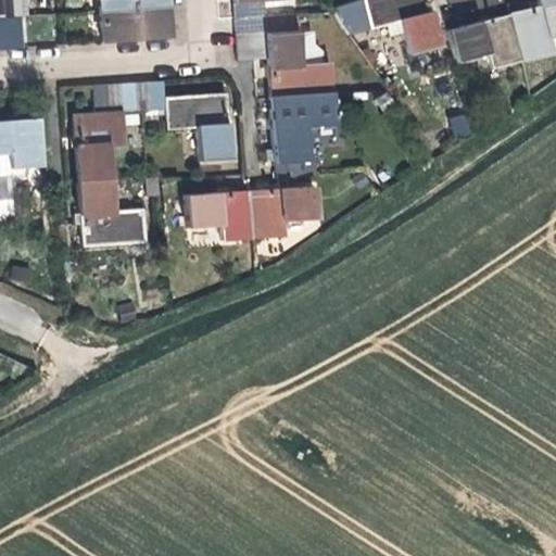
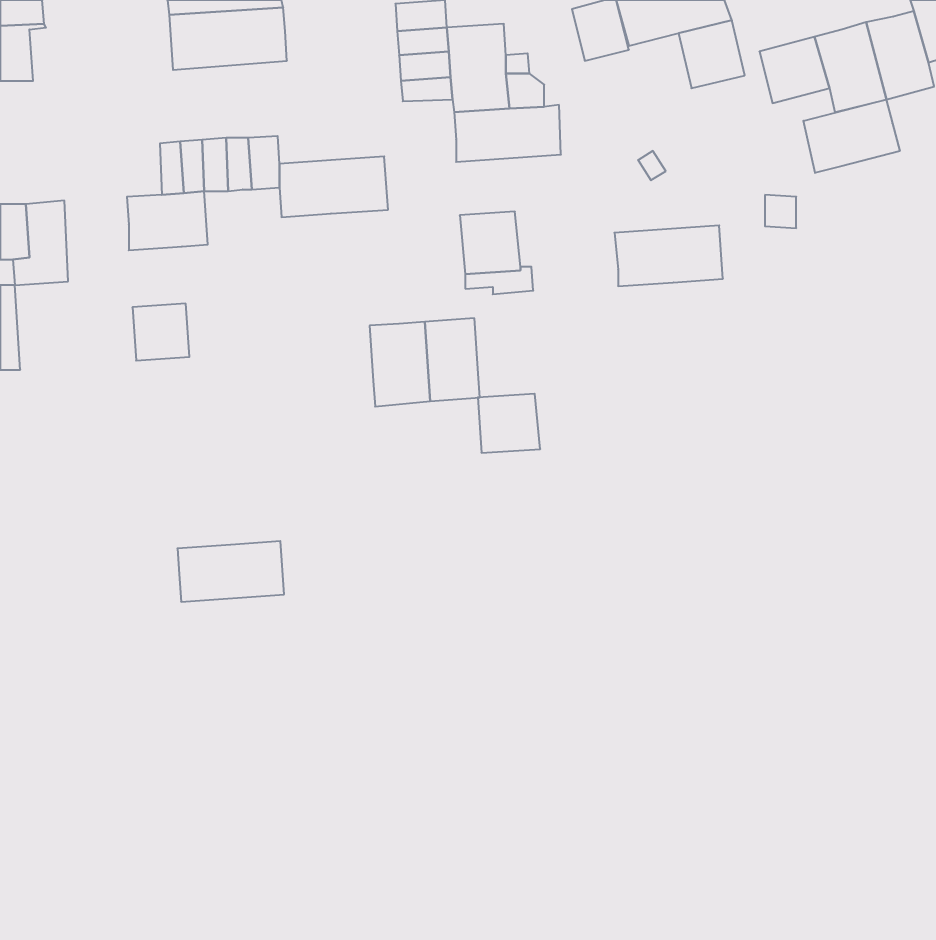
building: none -> [803,99,900,173]
building: [271,91,336,127] -> [614,225,723,286]
building: [198,124,233,160] -> none
building: [78,146,112,181] -> none
building: [282,186,319,220] -> [478,394,540,453]
building: [189,192,223,227] -> none
building: [83,208,146,244] -> [177,541,284,602]

